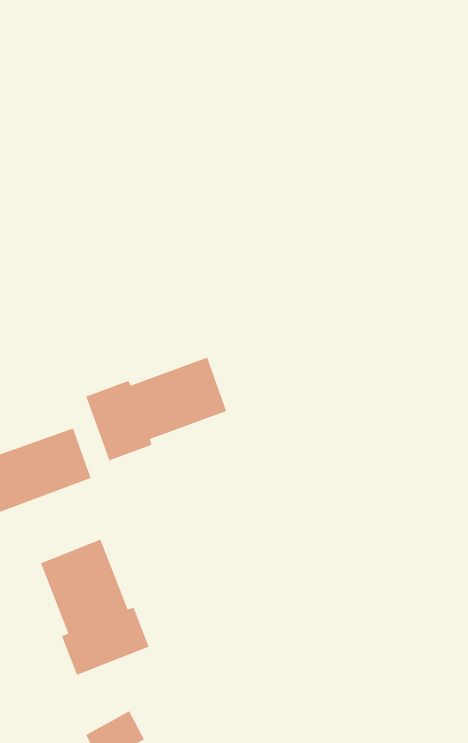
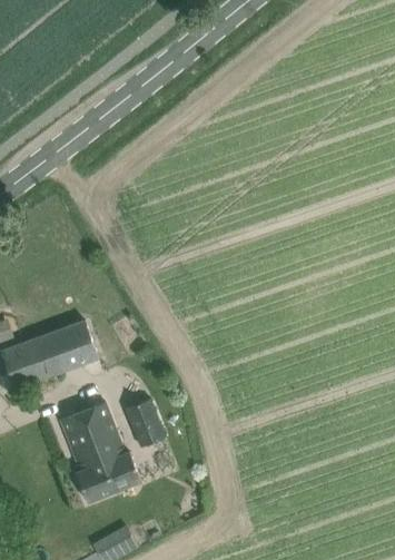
building: [85,357,227,461] -> none
building: none -> [125,399,165,446]

